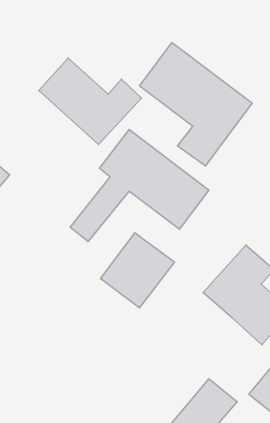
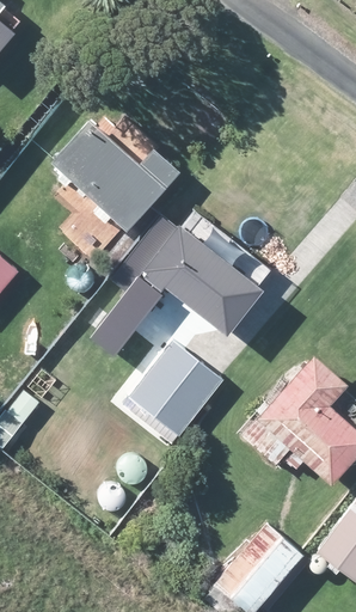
building: [139,43,252,166] -> none

